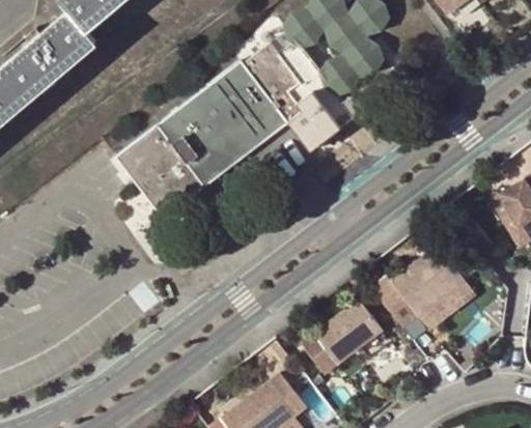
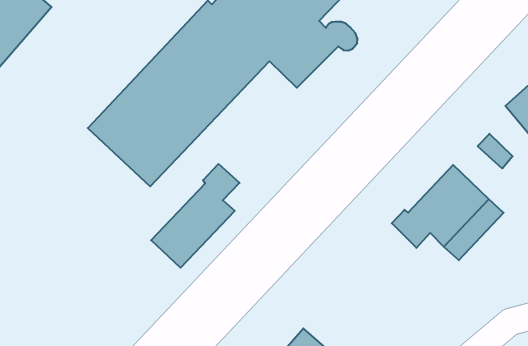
building: none -> [151,164,240,268]
building: [303,302,383,377] -> none

